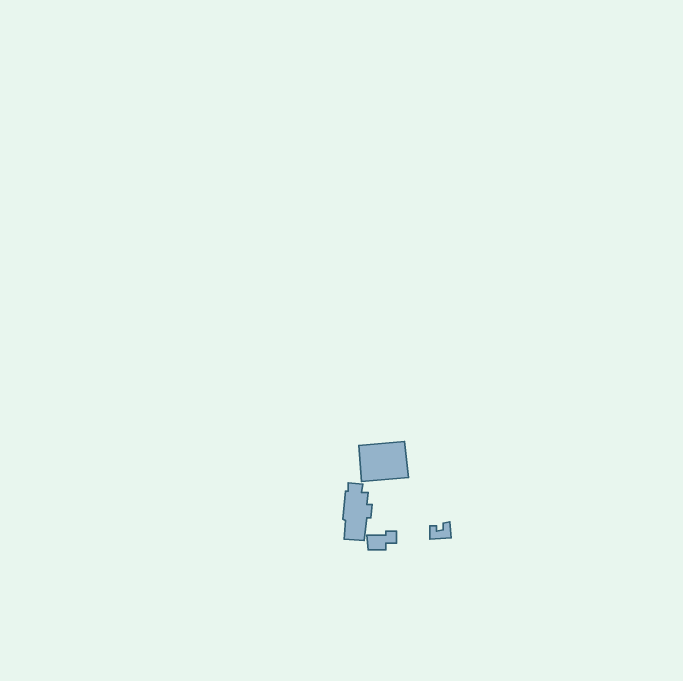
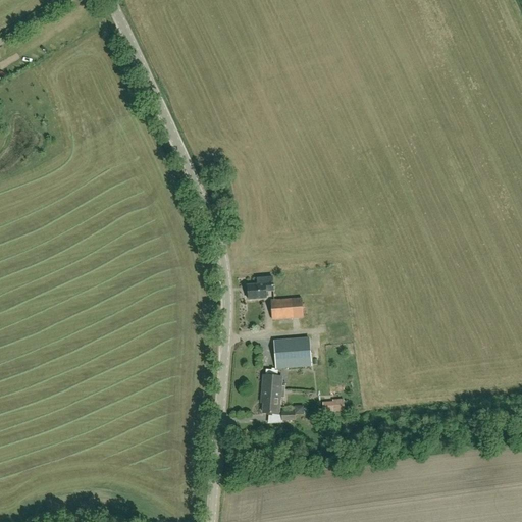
building: none -> [246,275,272,298]
building: none -> [270,297,303,318]

